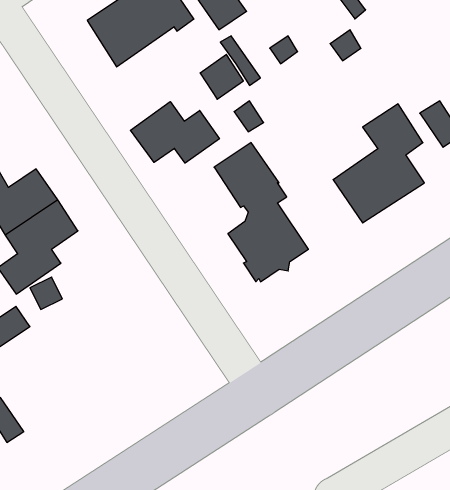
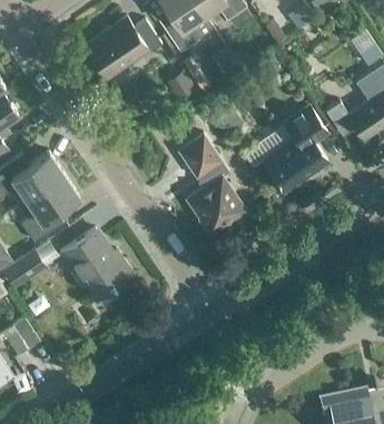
building: [130,102,219,163] -> none
building: none -> [60,228,131,306]

